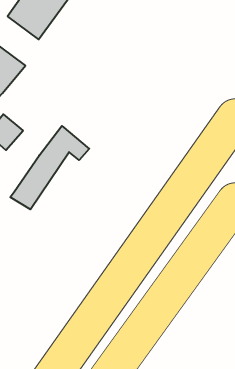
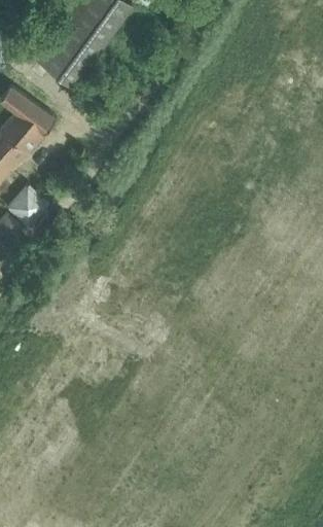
building: [10,126,89,209] -> none

